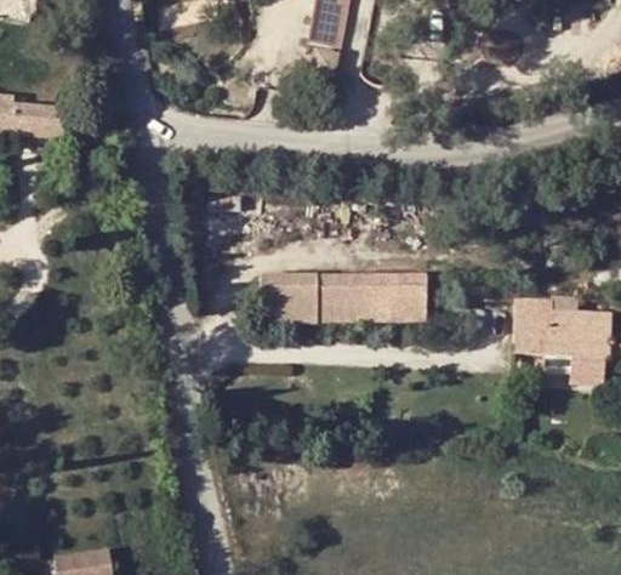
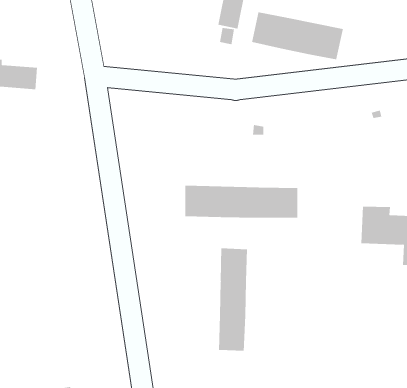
building: none -> [251,11,344,60]
building: none -> [219,247,247,352]

